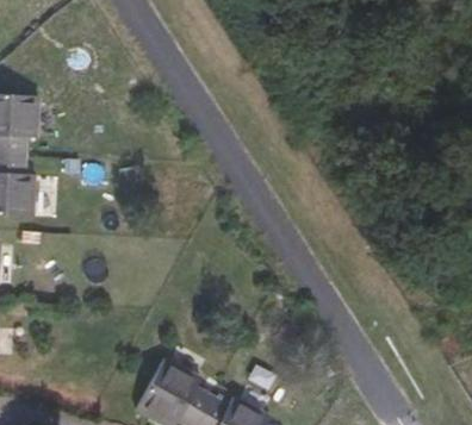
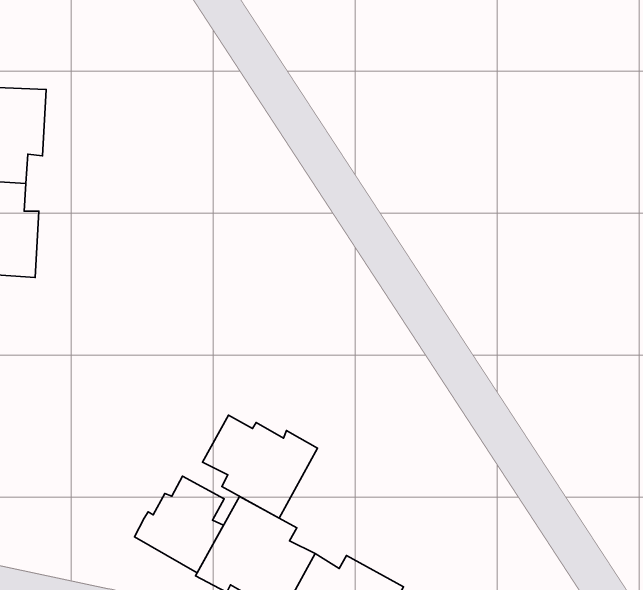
building: none -> [202,415,317,518]
building: none -> [134,476,224,573]

